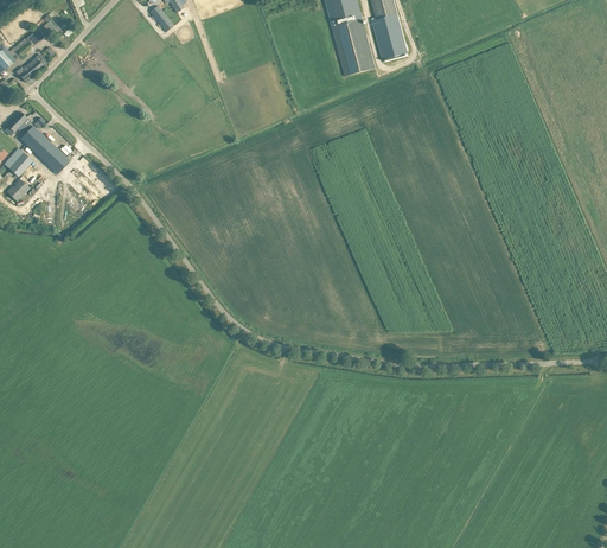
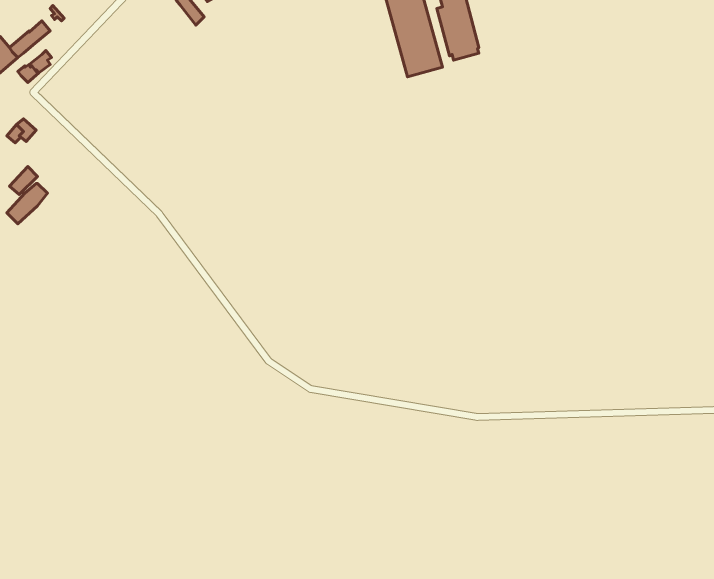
building: [20,125,68,172] -> none

